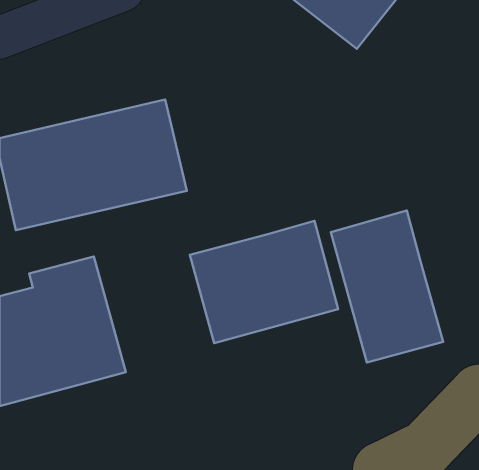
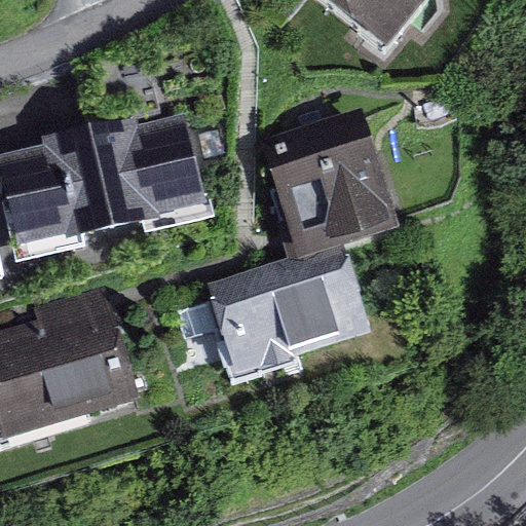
building: none -> [258,103,391,256]
building: [331,211,443,363] -> none

